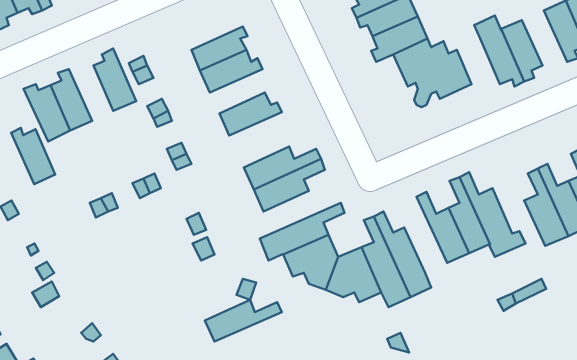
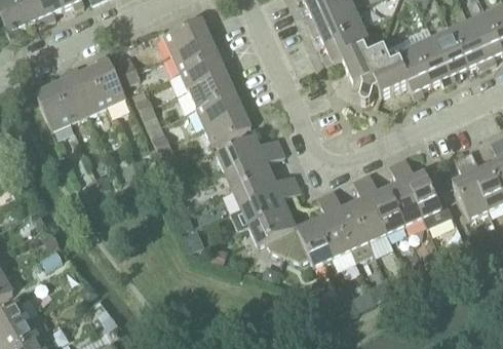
building: none -> [163,16,216,53]
building: none -> [450,21,488,68]
building: none -> [395,44,431,98]
building: none -> [188,70,236,107]
building: none -> [204,106,252,144]
building: [11,128,55,184] -> [70,66,107,113]
building: none -> [351,177,387,240]
building: [205,300,282,341] -> [233,171,298,206]

